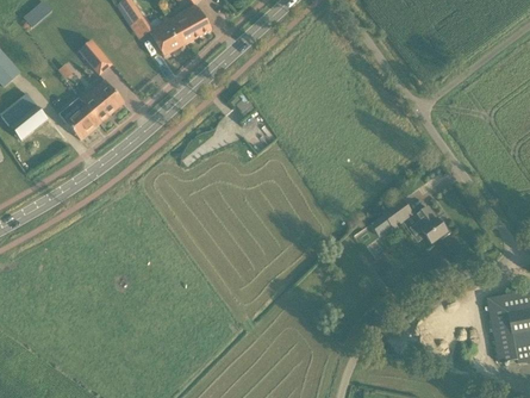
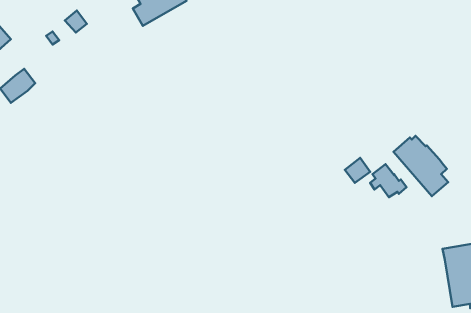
building: [64,85,124,139] -> none
building: none -> [394,136,448,196]

